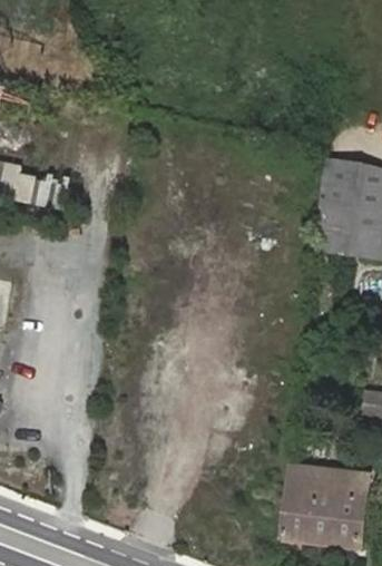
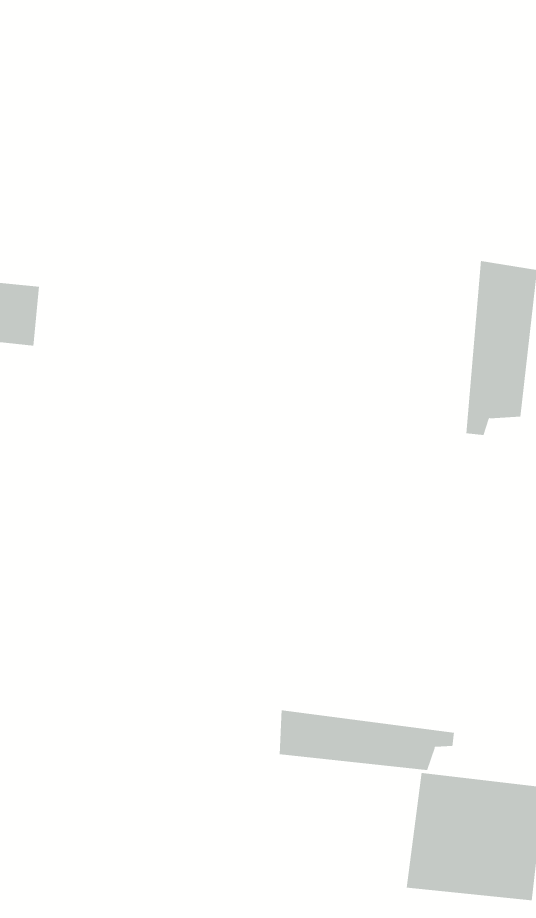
building: none -> [279,710,455,771]

